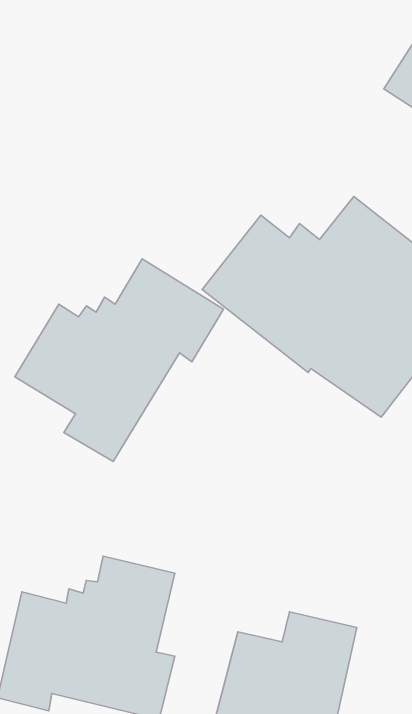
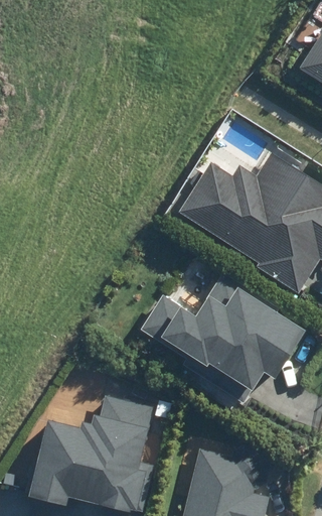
building: [15,259,223,461] -> none
building: none -> [141,276,304,389]

